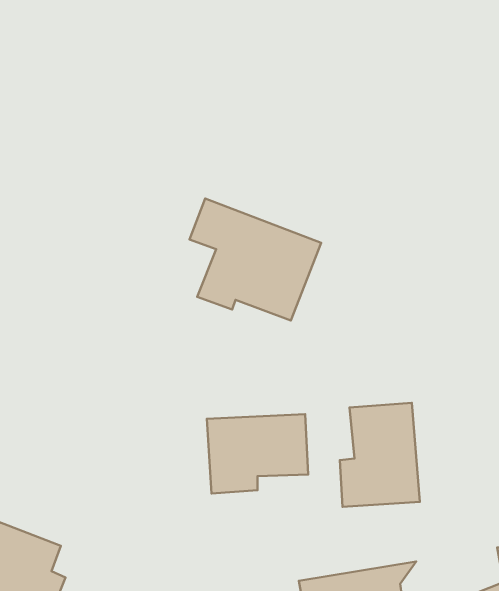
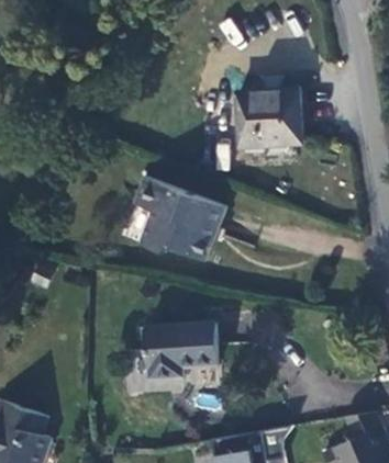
building: none -> [238,89,304,158]
building: [340,403,420,507] -> none

